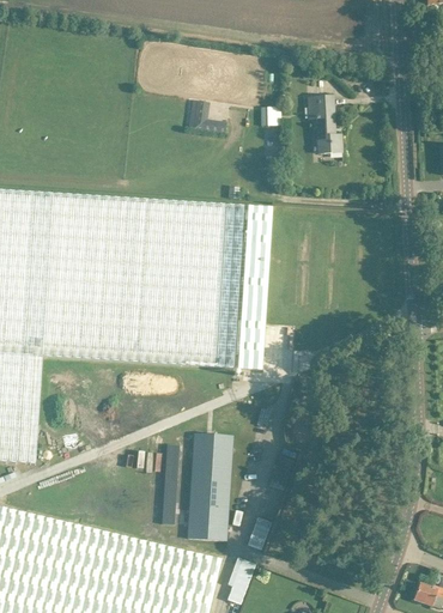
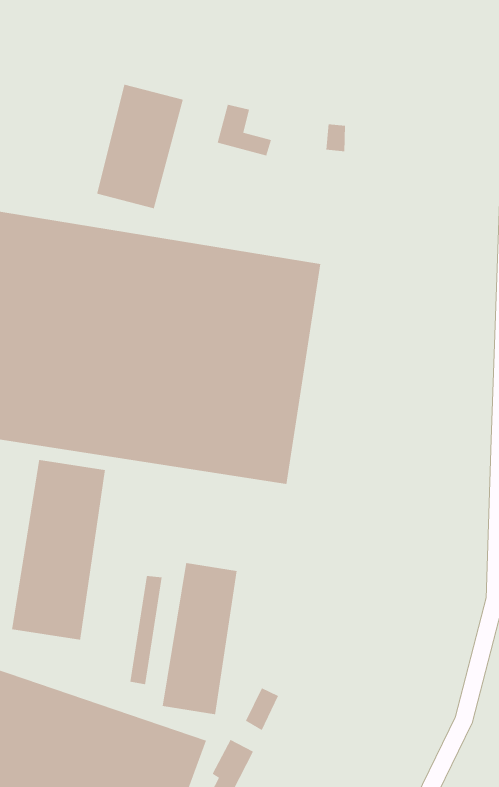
building: none -> [97,84,183,209]
building: [305,95,341,153] -> none
building: none -> [12,459,106,640]

